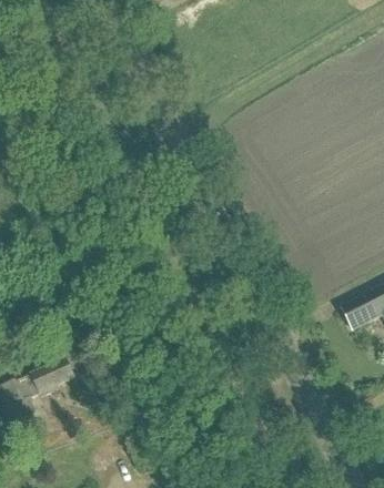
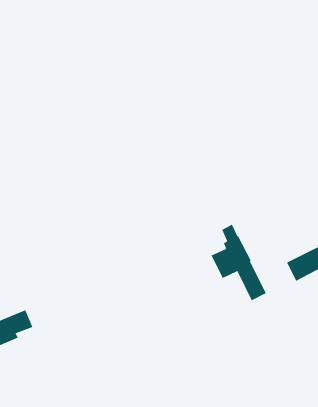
building: none -> [211,224,267,301]

